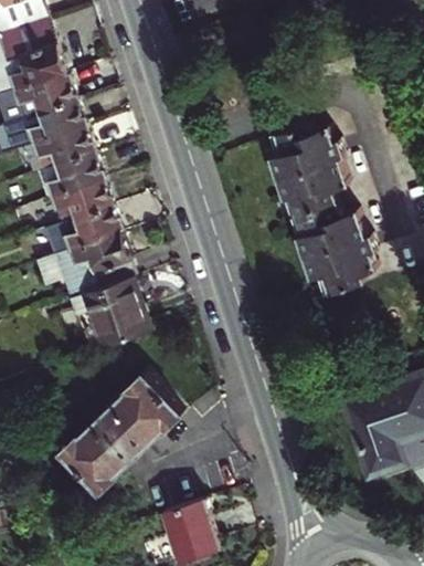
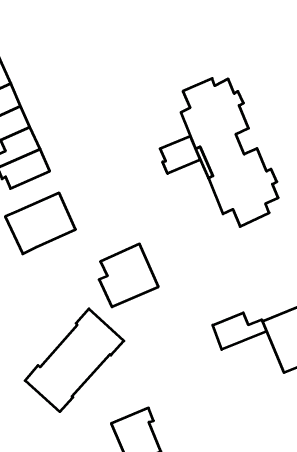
building: none -> [160,136,200,174]
building: [60,212,120,256] -> none
building: [85,283,153,354] -> [99,244,158,307]
building: none -> [213,313,267,350]

